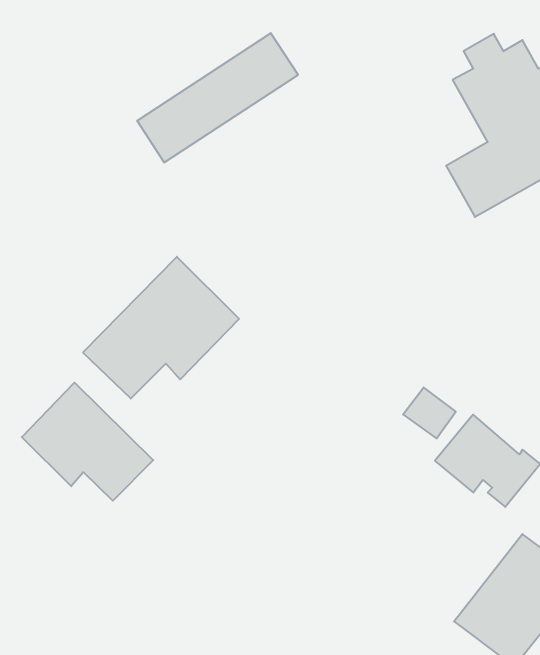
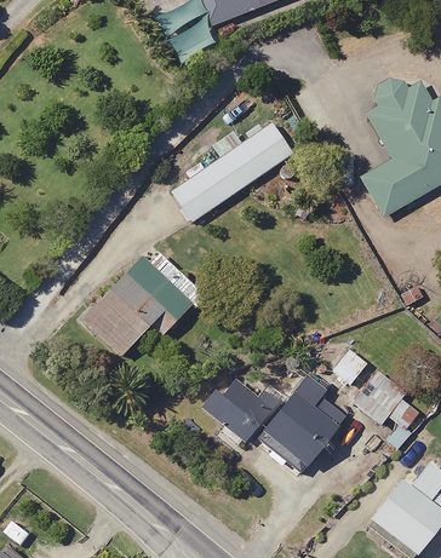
building: [137,33,298,162] -> [172,123,294,222]
building: [22,383,153,501] -> none
building: none -> [202,369,348,472]

